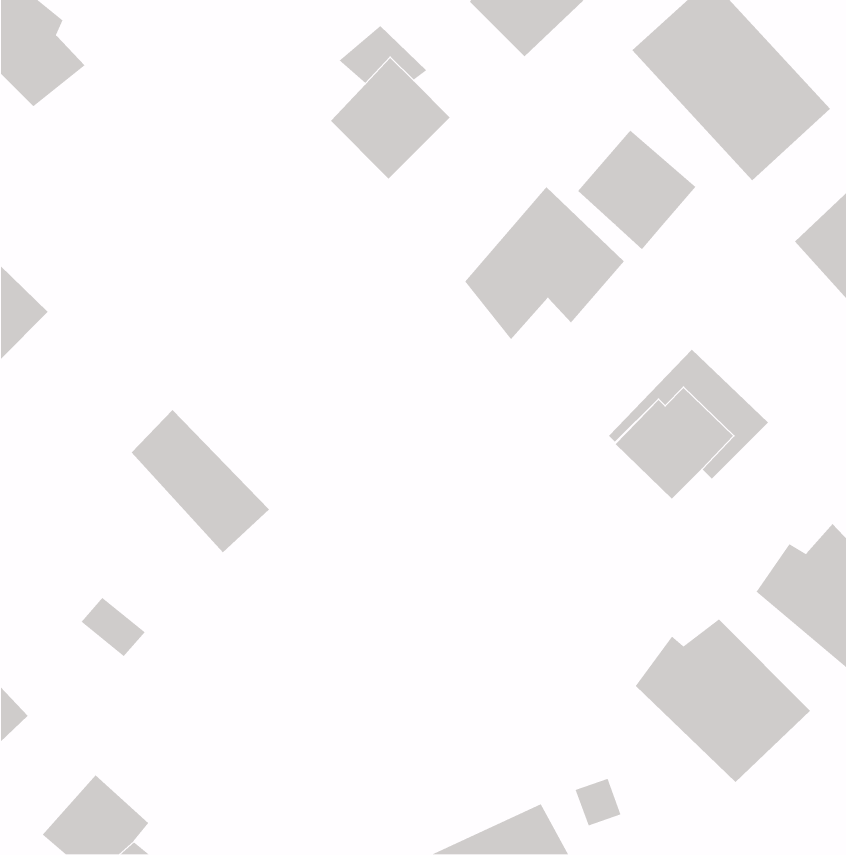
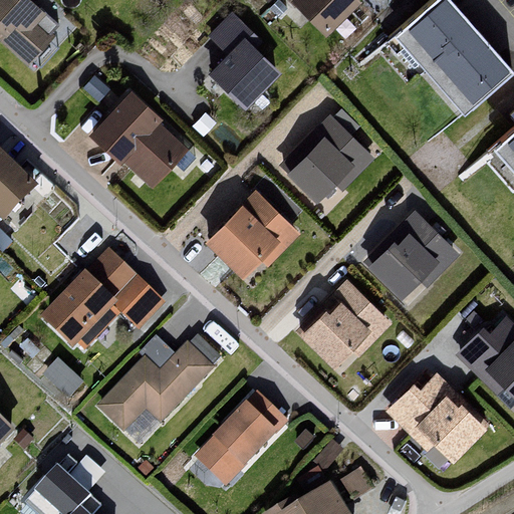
building: [577,129,697,250] -> none
building: none -> [88,88,186,192]
building: none -> [201,191,300,276]
building: none -> [40,271,121,349]
building: none -> [297,278,392,365]
building: none -> [97,342,213,433]
building: none -> [198,393,292,486]

